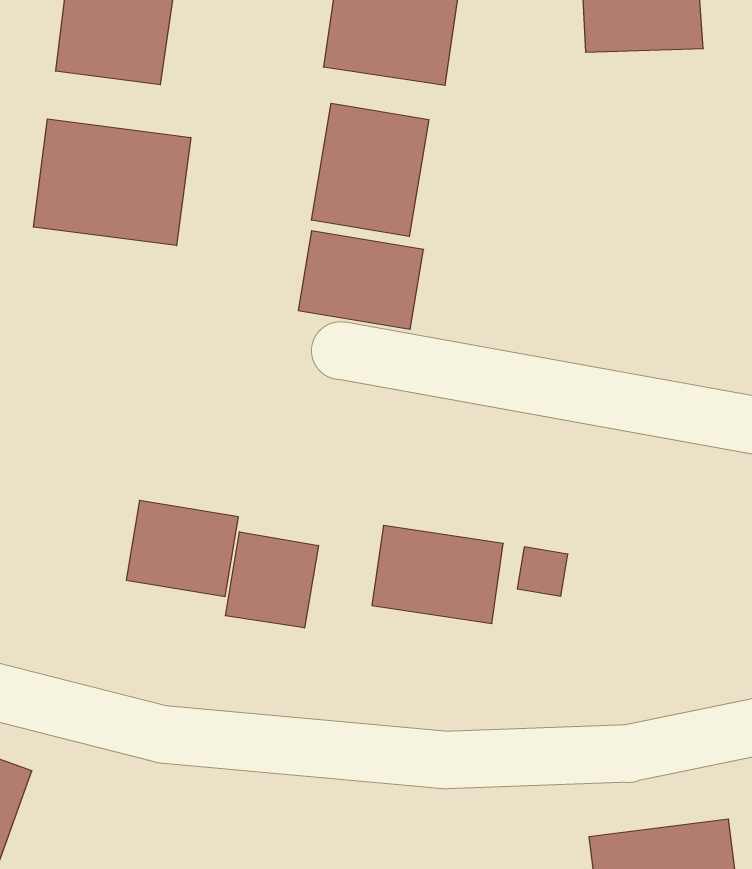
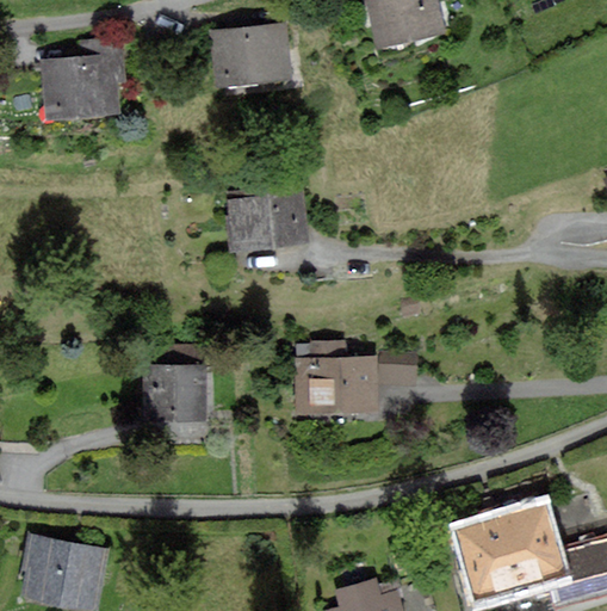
building: [312,103,429,237] -> none
building: [33,119,191,246] -> none
building: [225,532,318,628] -> none

